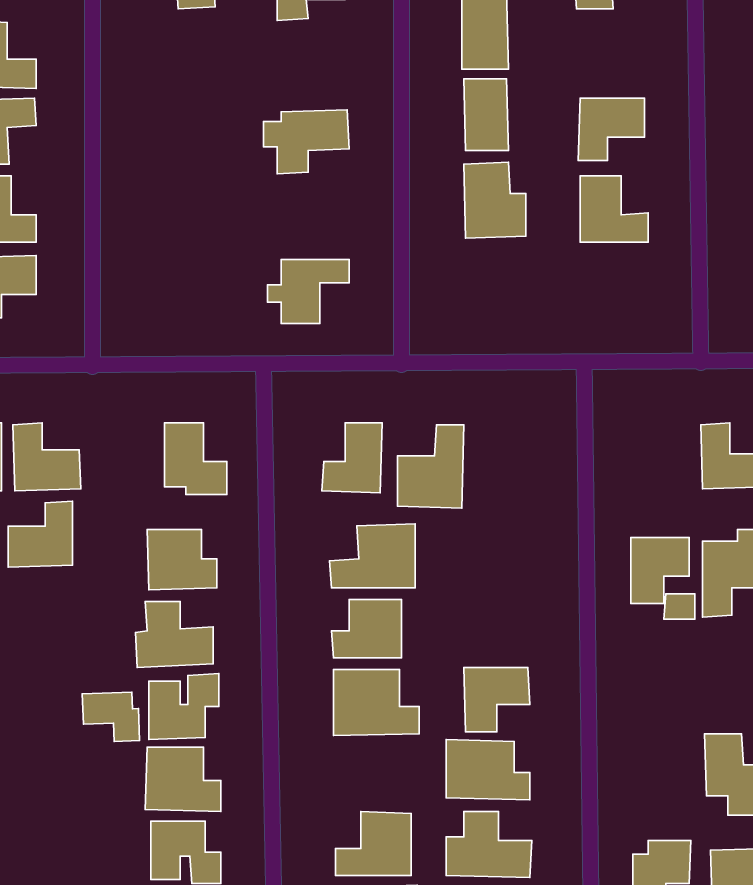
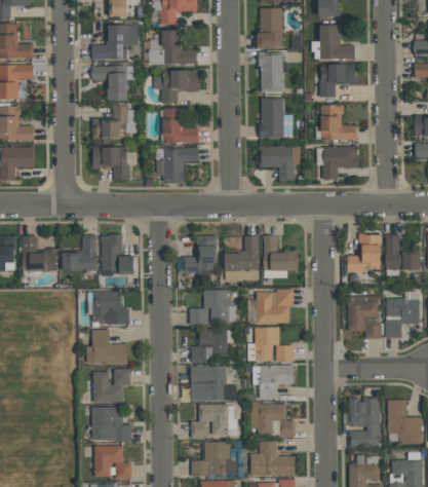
building: none -> [91,25,137,59]
building: none -> [313,25,355,60]
building: none -> [149,30,197,64]
building: none -> [91,65,134,101]
building: none -> [91,107,137,138]
building: none -> [162,108,198,143]
building: none -> [260,146,301,180]
building: none -> [317,146,359,180]
building: none -> [92,147,128,180]
building: none -> [347,234,381,271]
building: none -> [263,235,299,270]
building: [8,501,72,567] -> [63,236,96,271]
building: none -> [248,290,294,323]
building: none -> [247,327,295,362]
building: [82,692,140,741] -> none
building: none -> [349,399,380,447]
building: none -> [191,404,236,439]

